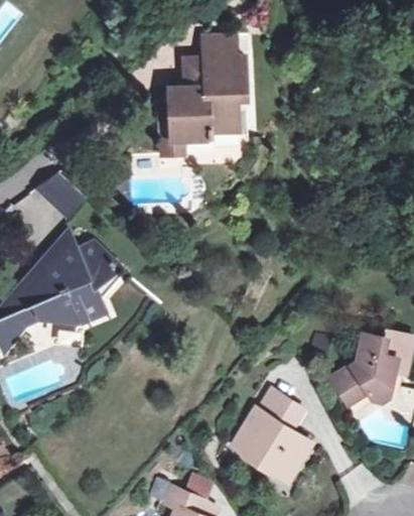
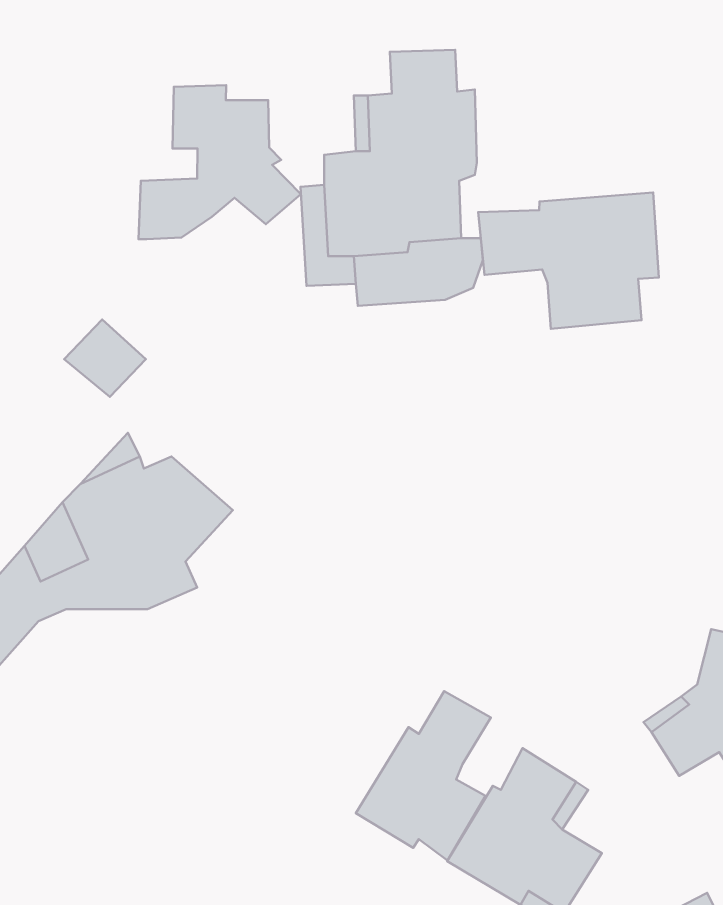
building: none -> [139,85,301,239]
building: none -> [478,193,659,329]
building: none -> [356,691,491,860]

